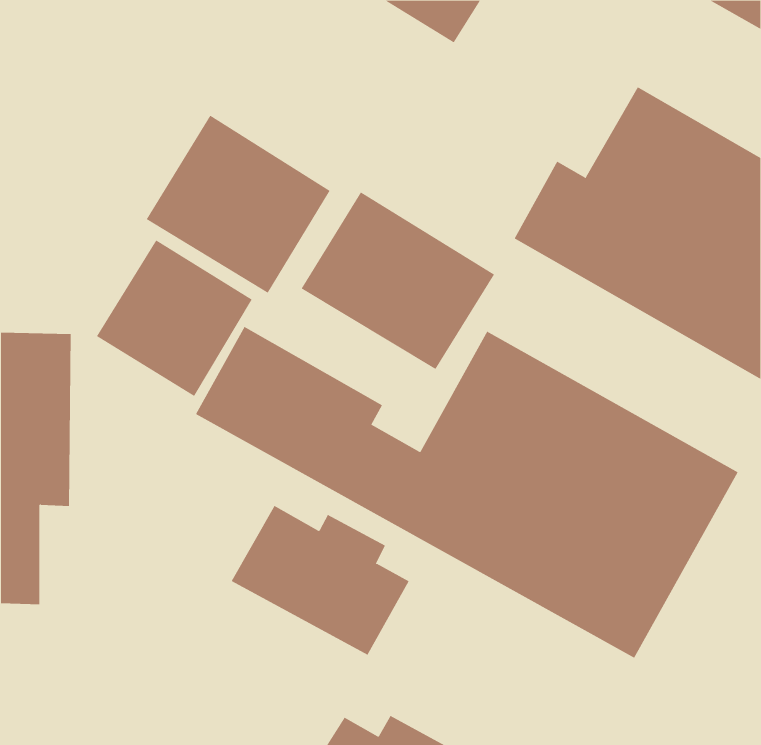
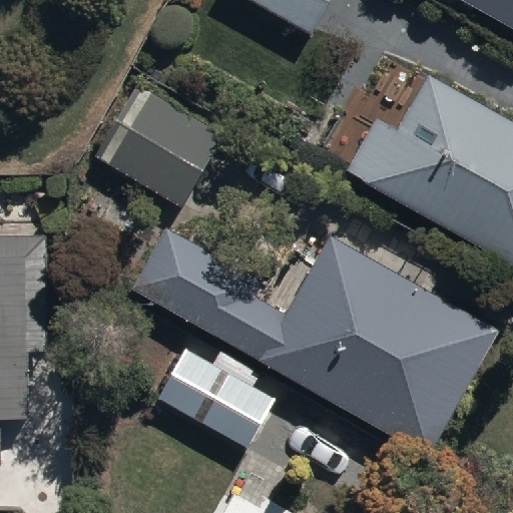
building: [301,191,495,370] -> none
building: [96,239,252,397] -> none

